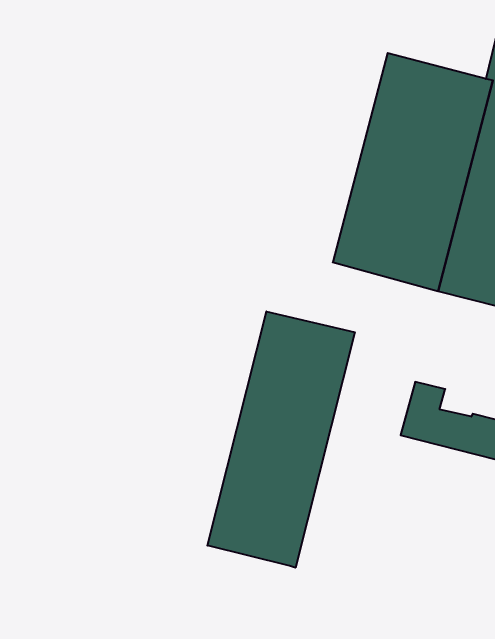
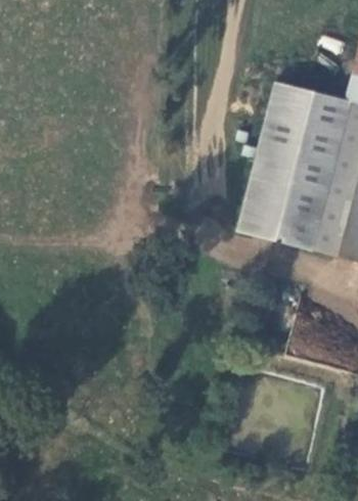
building: [207,311,355,568] -> none

